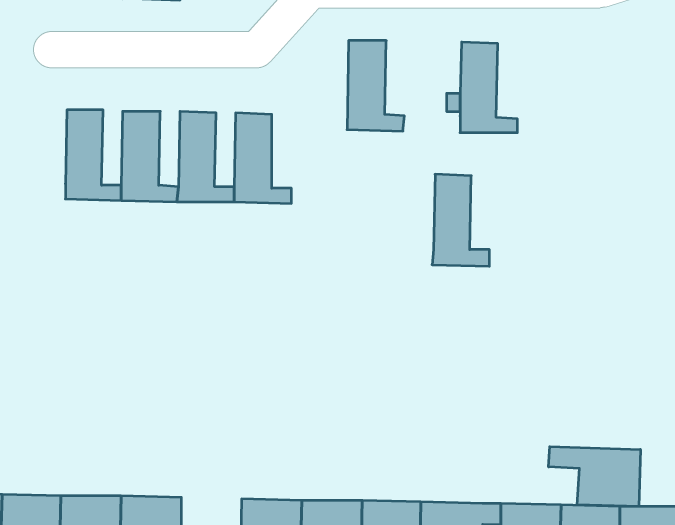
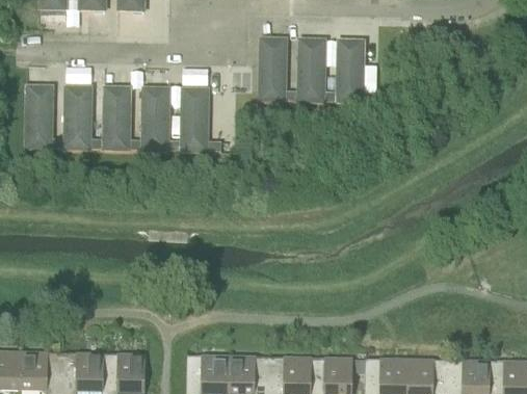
building: none -> [25,85,64,148]
building: [432,174,489,266] -> [297,38,337,102]
building: [549,447,640,506] -> none

